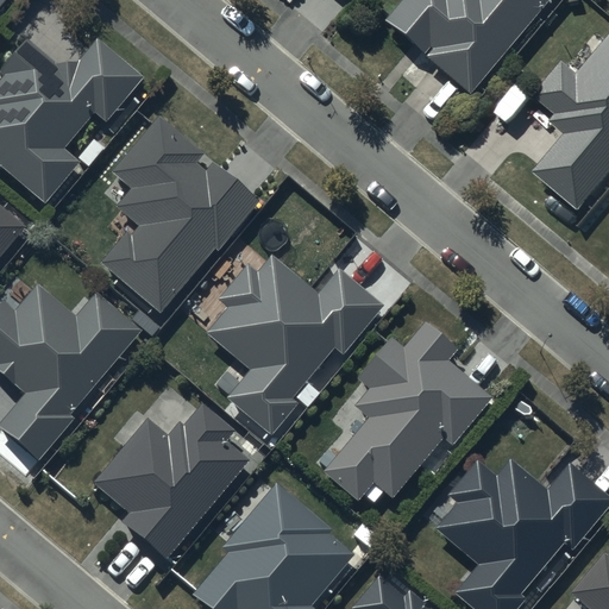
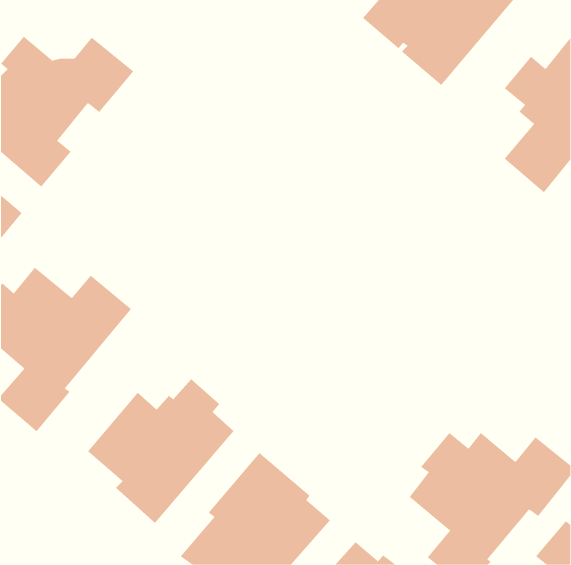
building: [100,115,263,312] -> none
building: [203,256,383,435] -> none
building: [324,324,494,501] -> none

